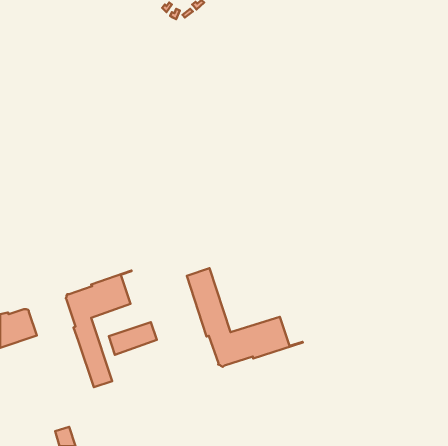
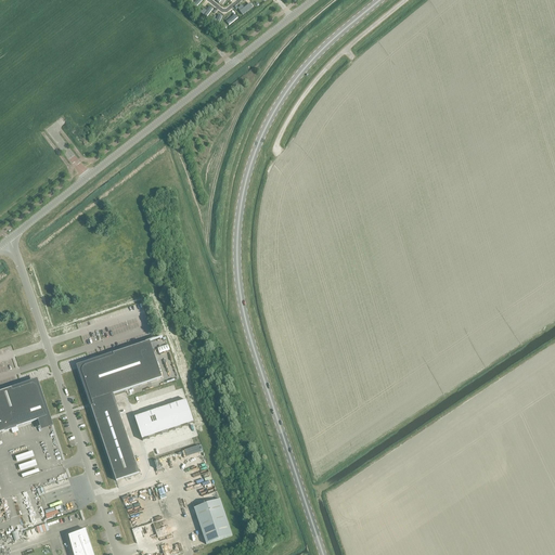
building: [187,268,303,367] -> none
building: none -> [194,496,232,542]

